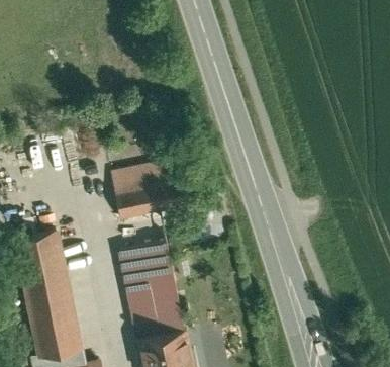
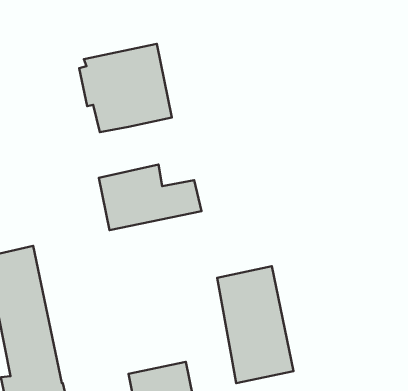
building: none -> [79,44,172,132]
building: [121,241,186,340] -> [217,266,293,383]

